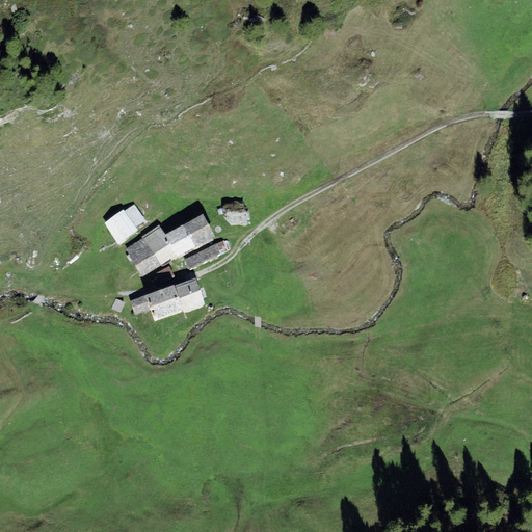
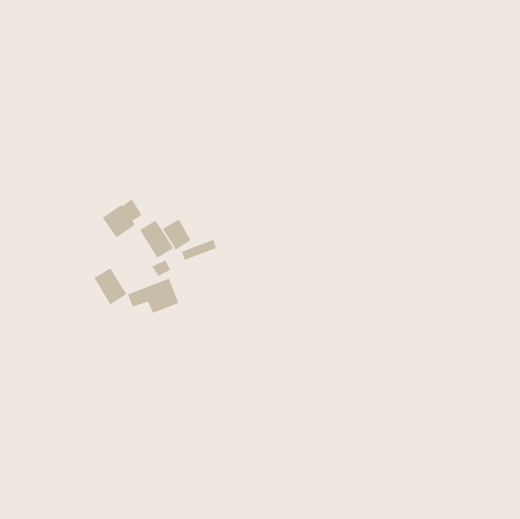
building: [183,212,215,245] -> none
building: [126,237,160,275] -> [94,268,127,305]
building: [174,276,206,312] -> none

